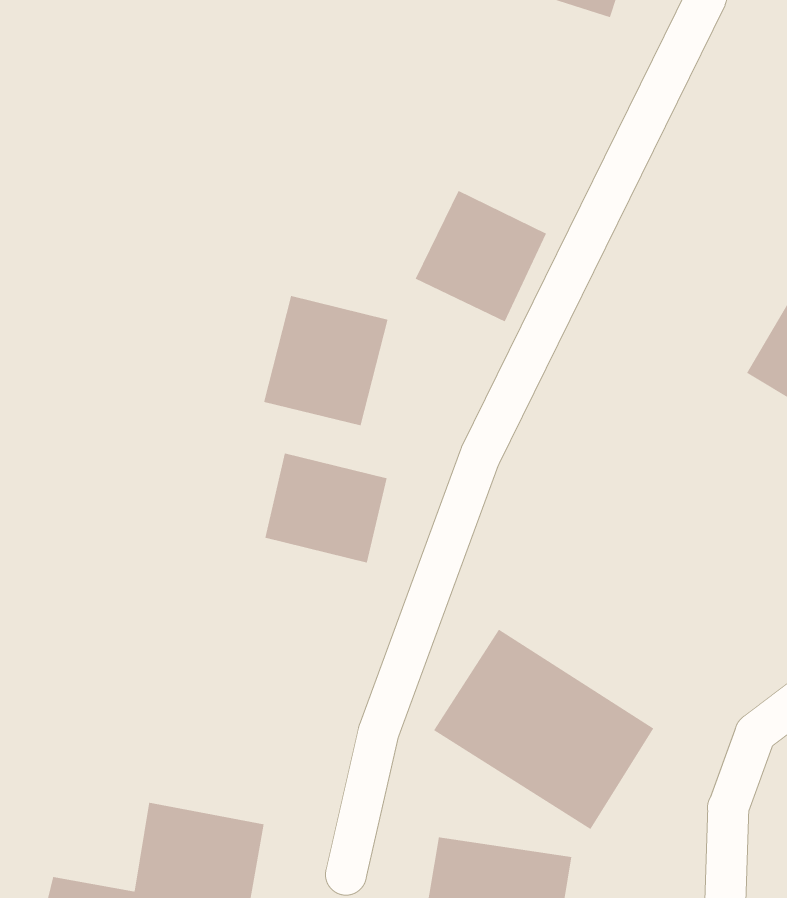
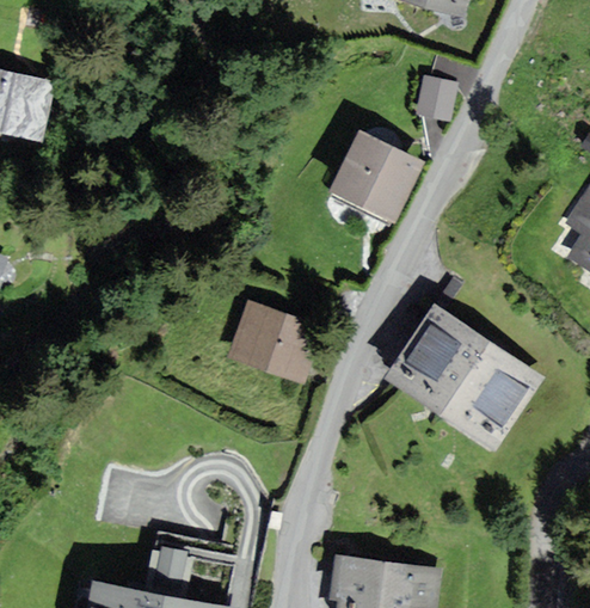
building: none -> [416,73,456,118]
building: [263,295,388,426] -> none
building: [433,629,654,830] -> [391,312,536,444]

